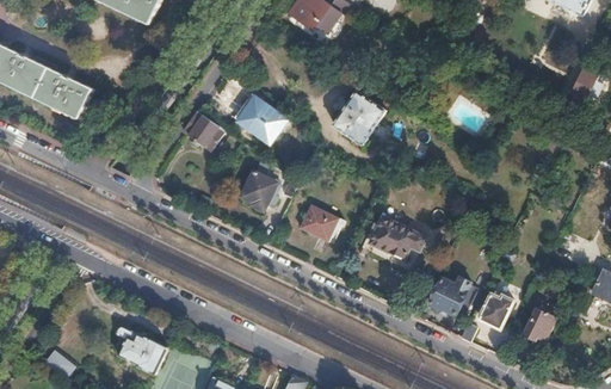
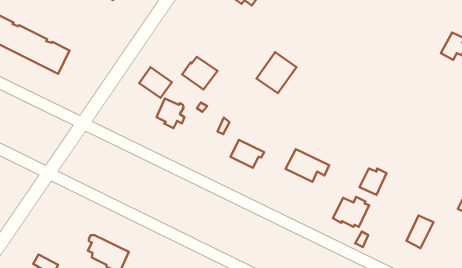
building: [241,172,277,210] -> [157,98,185,128]
building: [479,294,513,327] -> [360,169,387,195]

